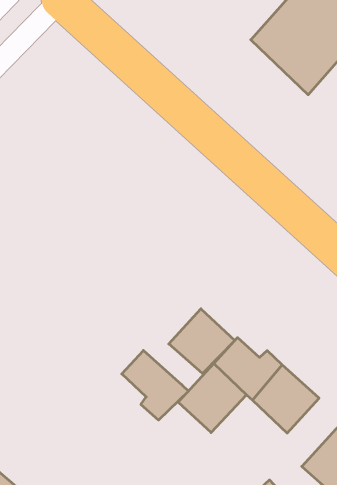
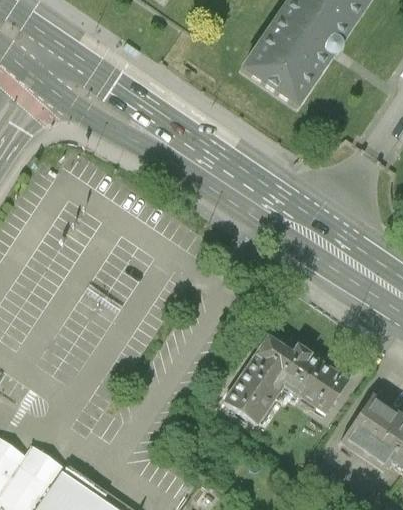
building: [169,309,235,373] -> none
building: [122,350,189,420] -> none

